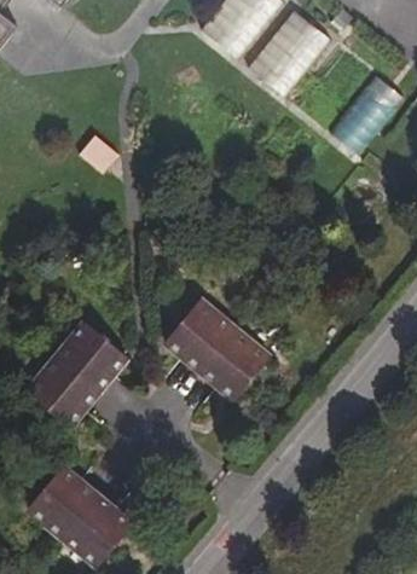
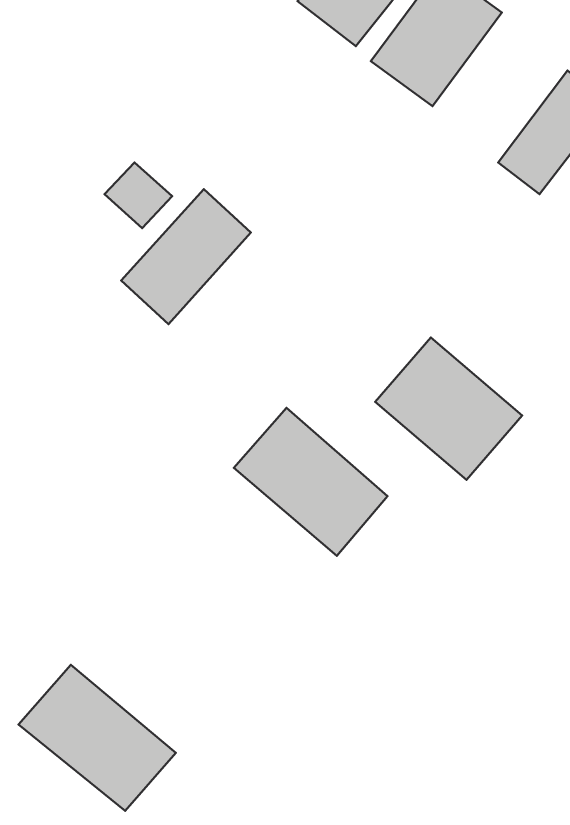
building: none -> [121,189,251,324]
building: none -> [375,338,522,480]
building: [22,314,121,419] -> none

